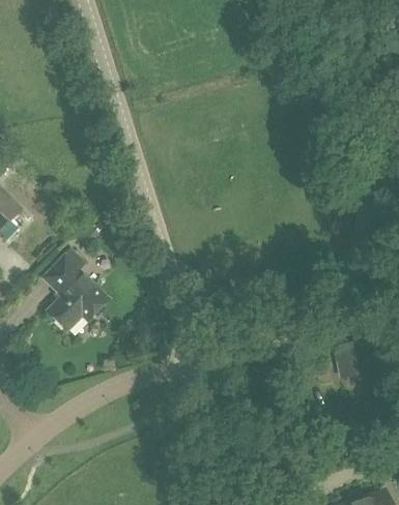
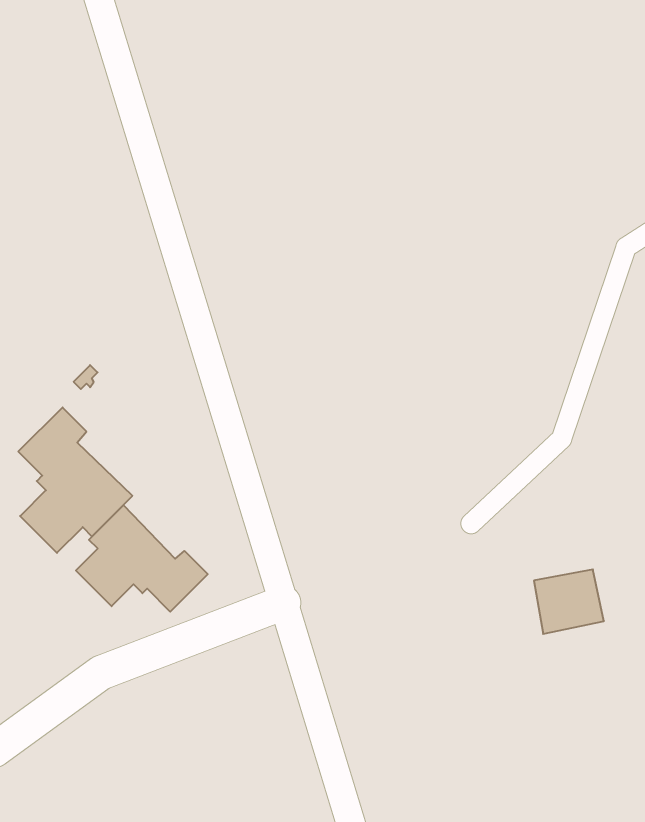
building: none -> [76,505,208,612]

